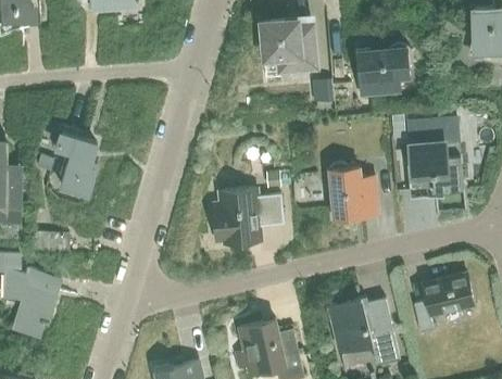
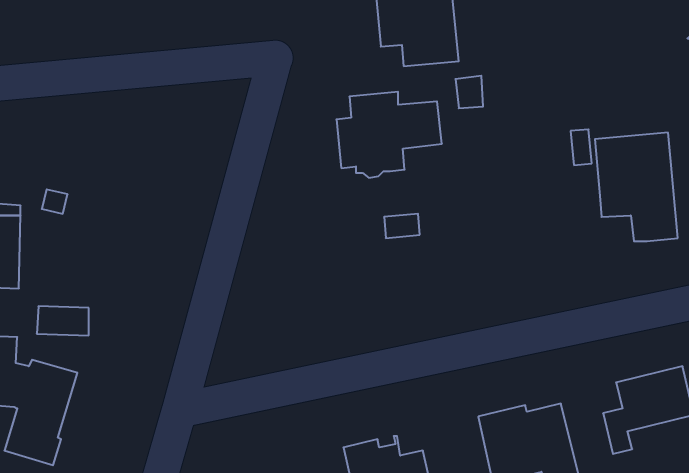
building: [356,43,412,96] -> none
building: [57,132,97,193] -> none
building: [406,159,443,198] -> none
building: [326,163,377,218] -> none
building: [213,188,284,245] -> [336,92,442,178]

